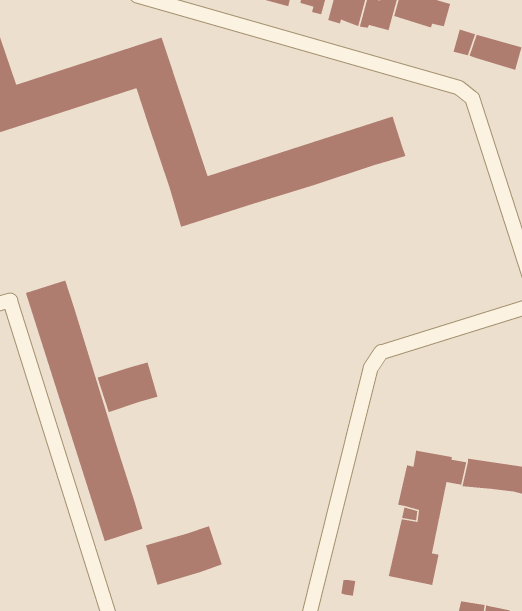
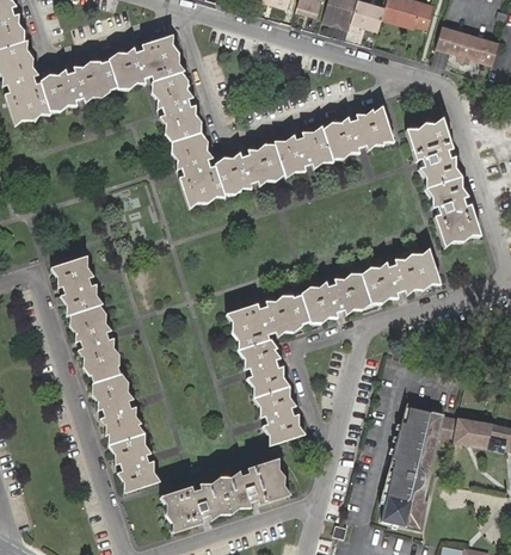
building: none -> [406,117,480,248]
building: none -> [226,247,441,444]
building: [96,362,159,413] -> none
building: none -> [217,457,289,512]

